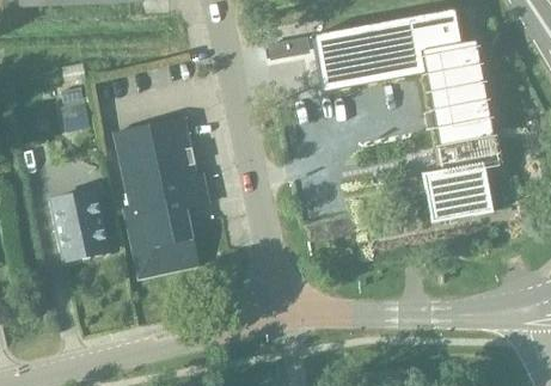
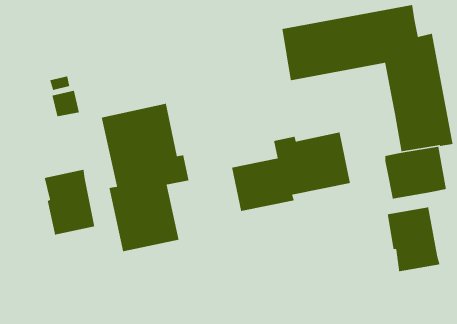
building: none -> [231,132,351,212]
building: none -> [387,206,441,272]

